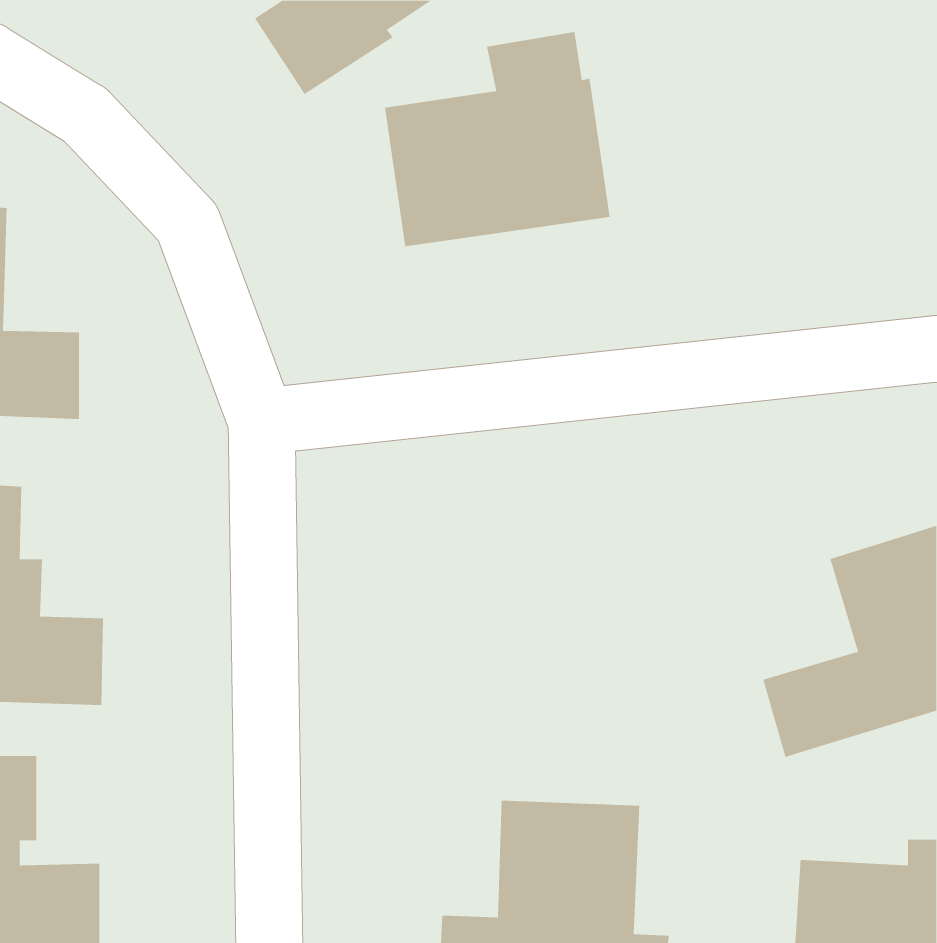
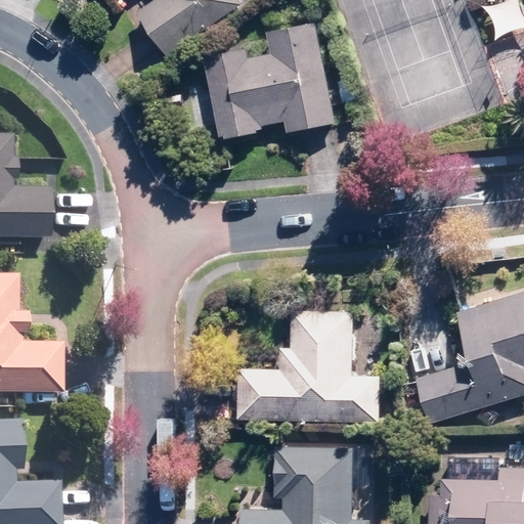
building: none -> [239,312,379,422]

